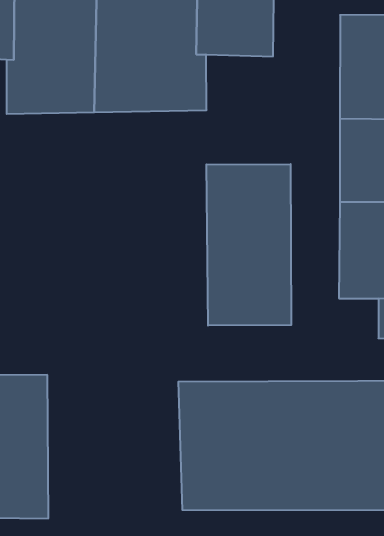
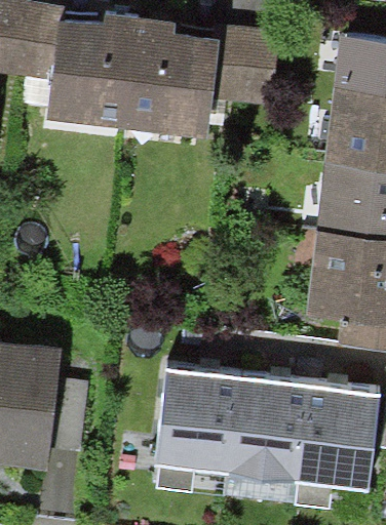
building: [206,164,291,326] -> none

